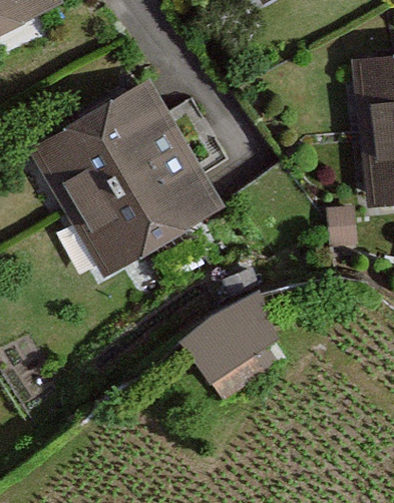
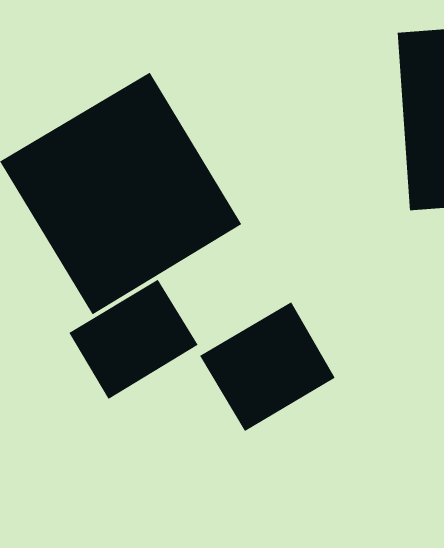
building: none -> [68,279,198,400]

